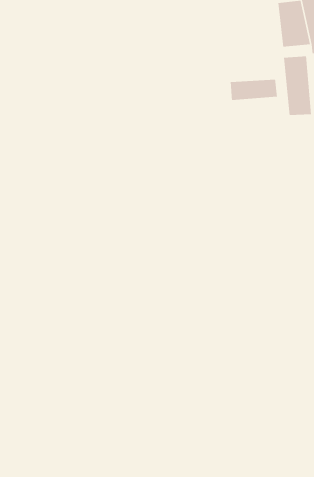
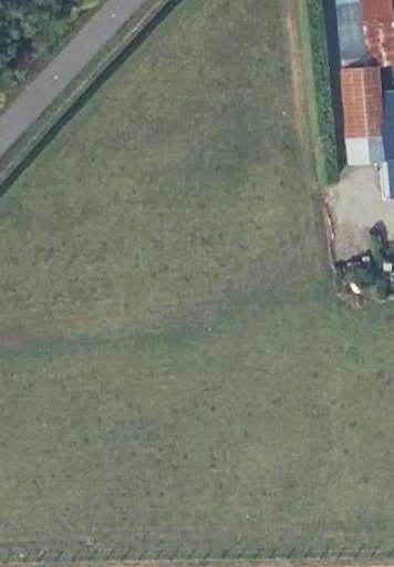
building: [230,79,278,101] -> none

